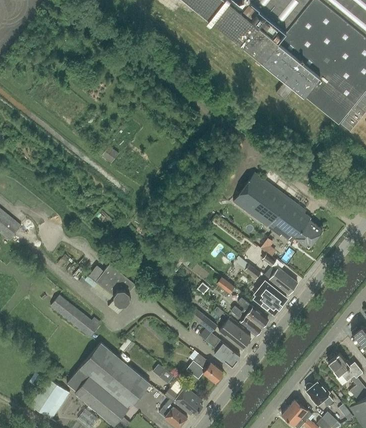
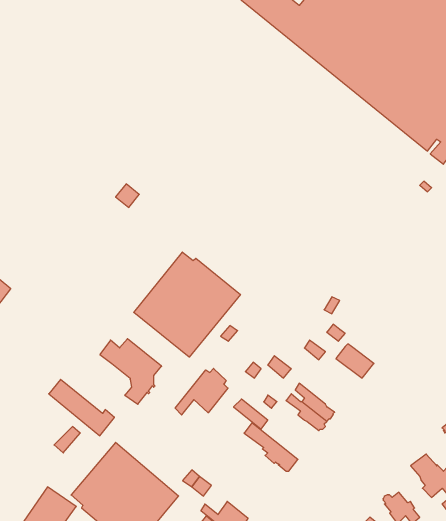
building: [233,173,322,248] -> none
building: none -> [134,252,240,357]
building: [255,281,287,314] -> none
building: none -> [175,368,228,415]
building: [218,320,250,350] -> none
building: [186,354,223,382] -> none

